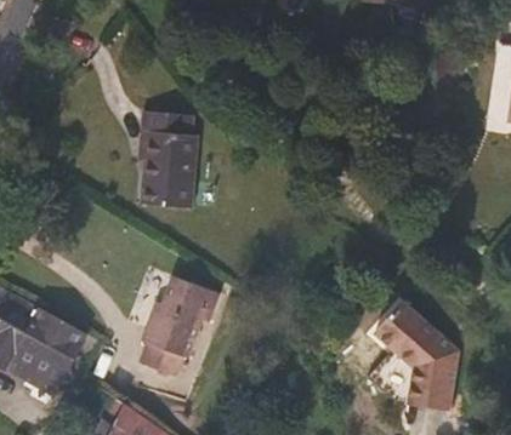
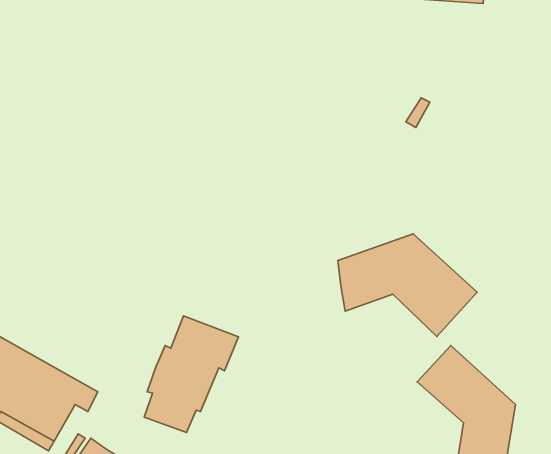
building: [138,113,198,207] -> none
building: none -> [338,234,477,336]

